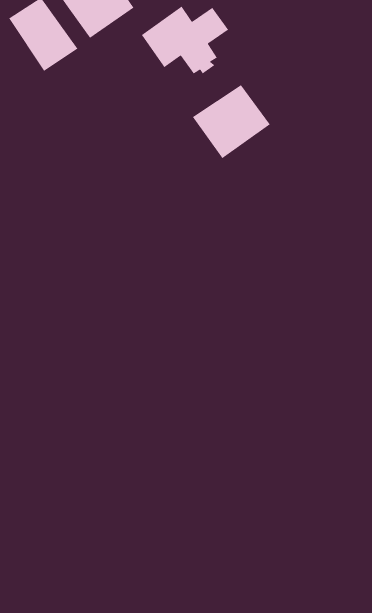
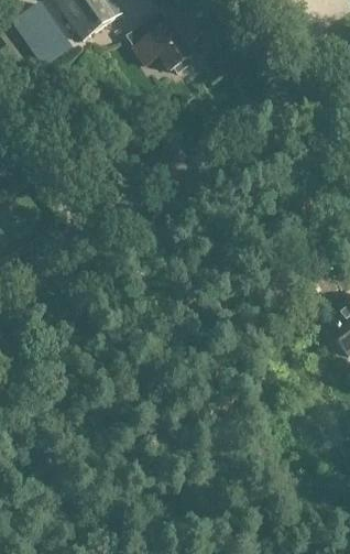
building: [192,84,271,159] -> none

